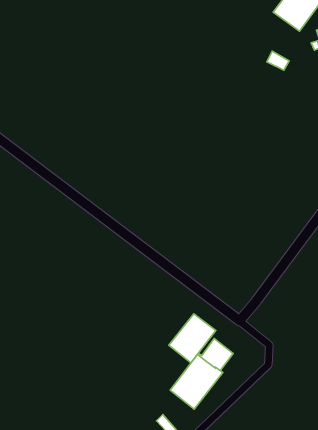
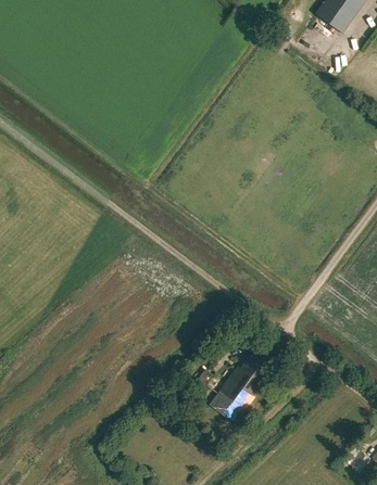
building: [169,314,216,363] -> none

